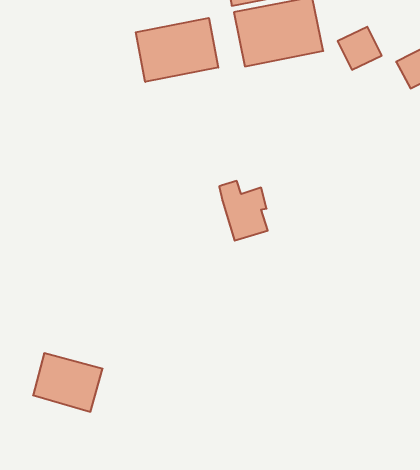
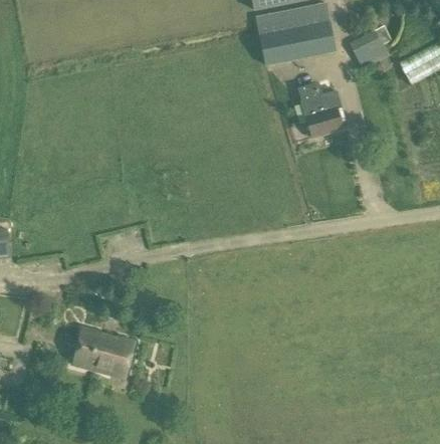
building: [136,18,218,82] -> none
building: [219,181,268,241] -> [297,82,342,137]

